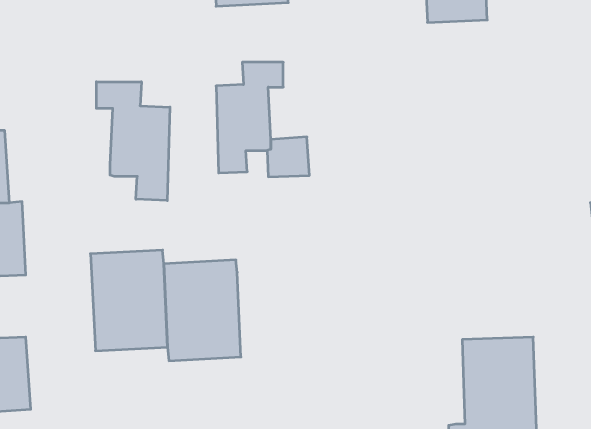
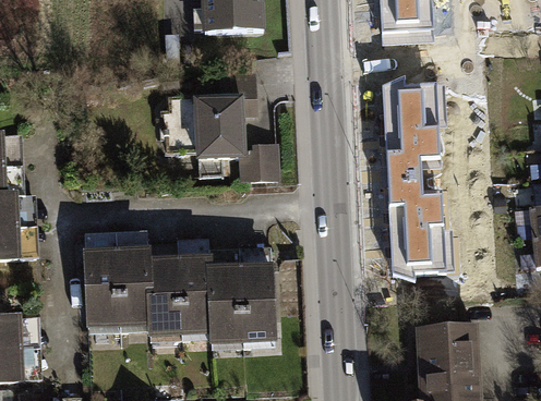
building: none -> [385,74,449,279]
building: [96,82,170,201] -> none
building: none -> [216,259,284,348]

